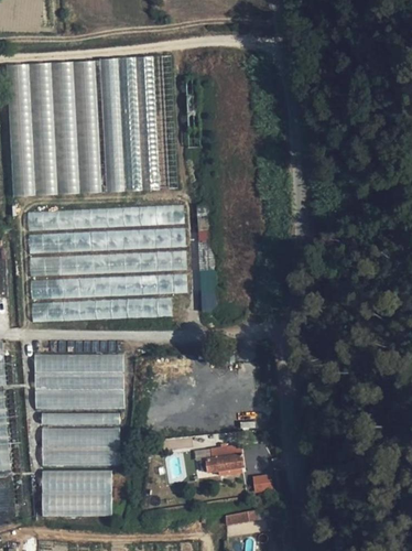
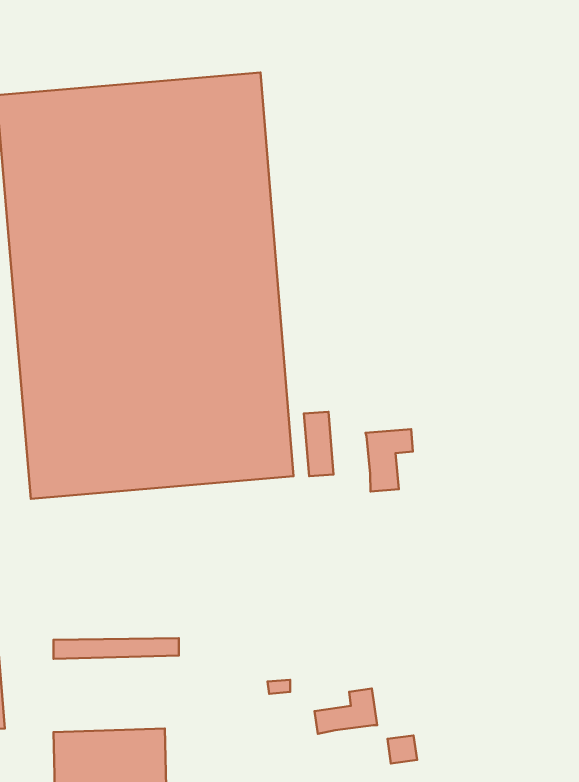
building: none -> [366,429,413,491]
building: [33,353,123,410] -> none
building: [40,426,119,465] -> none

